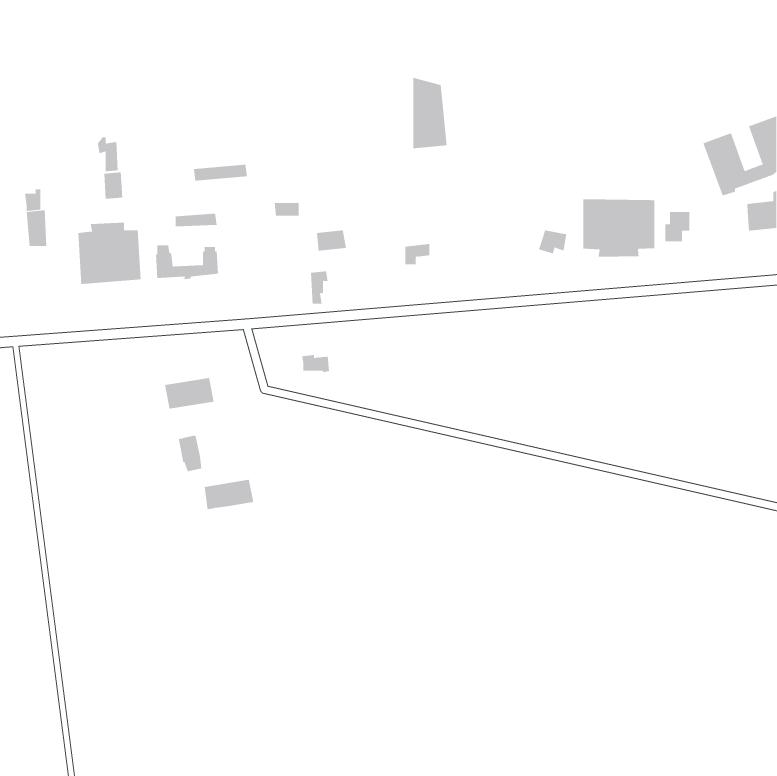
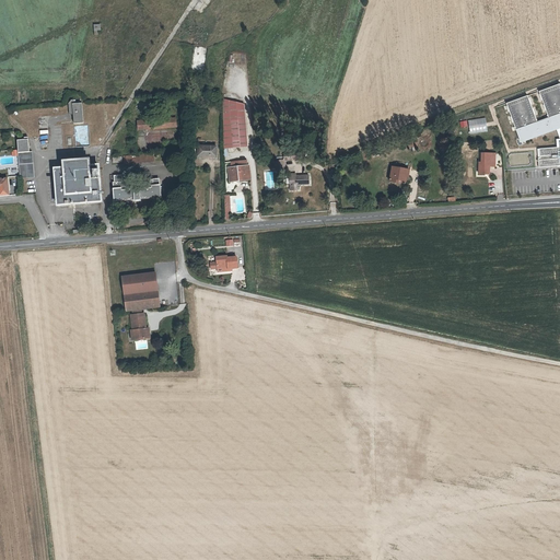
building: [413,77,447,149] -> [224,97,249,149]
building: [583,199,655,258] -> none
building: [204,479,254,510] -> [121,289,158,311]

